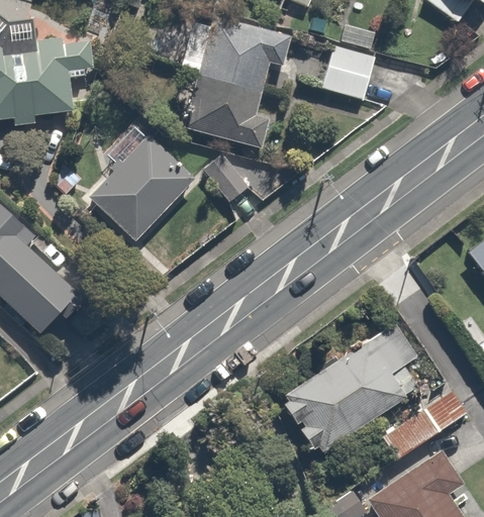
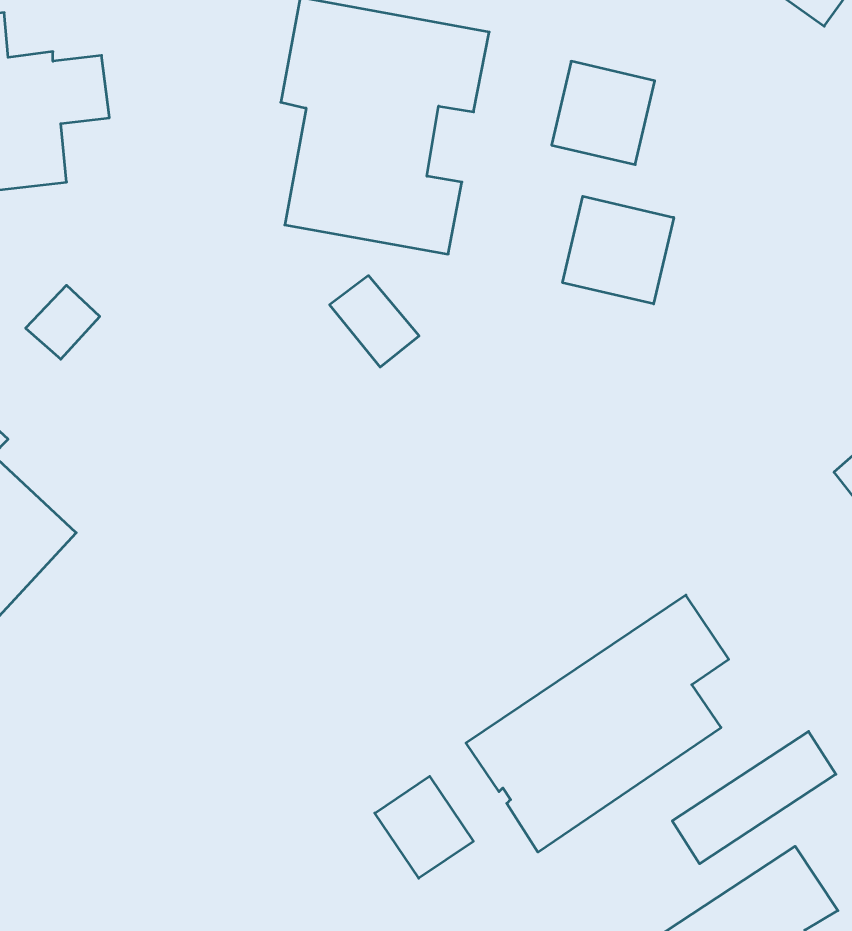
building: none -> [563,196,674,304]
building: [85,125,193,244] -> none
building: none -> [375,776,473,878]

